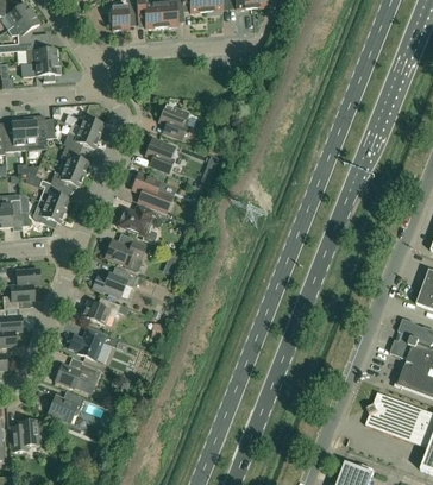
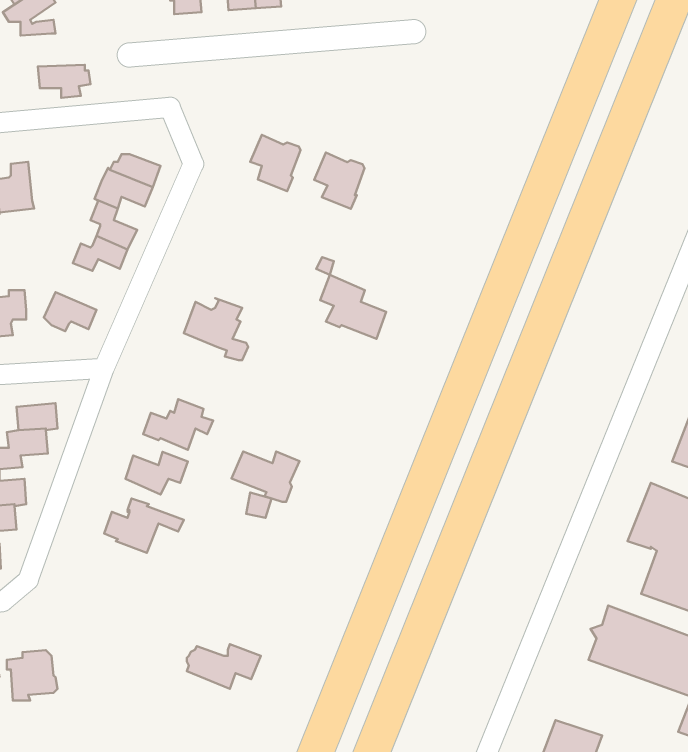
building: [18,42,57,63] -> none
building: [23,115,46,149] -> none
building: [145,137,176,171] -> [314,152,365,209]
building: [25,172,70,210] -> none
building: [132,172,172,212] -> [320,275,386,339]
building: [105,239,146,270] -> [232,451,300,502]
building: [56,363,101,390] -> [187,644,261,689]
building: [48,391,84,421] -> none

